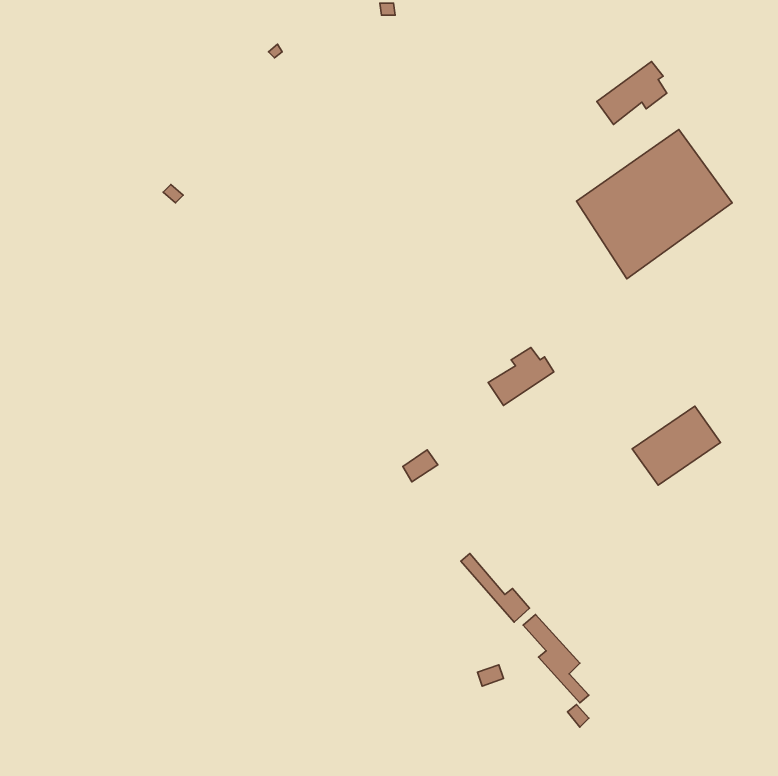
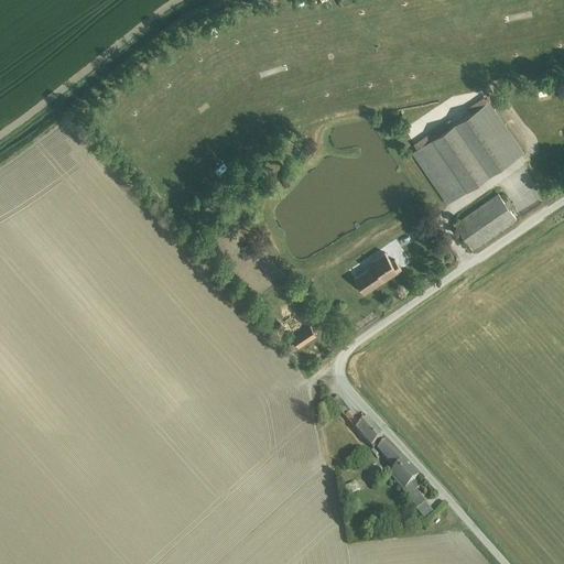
building: [597,62,667,124] -> none
building: [632,406,721,485] -> [453,194,517,251]

